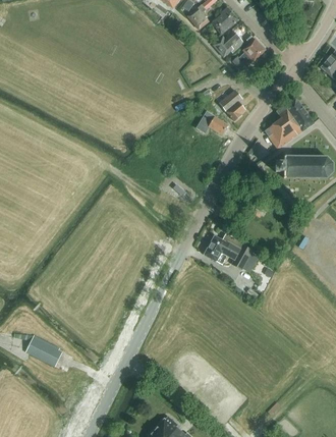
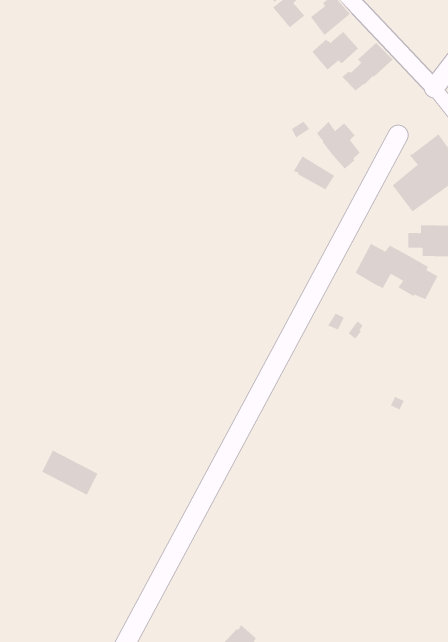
building: [204,234,258,271] -> [355,243,438,300]
building: [25,336,62,366] -> [42,450,98,496]

